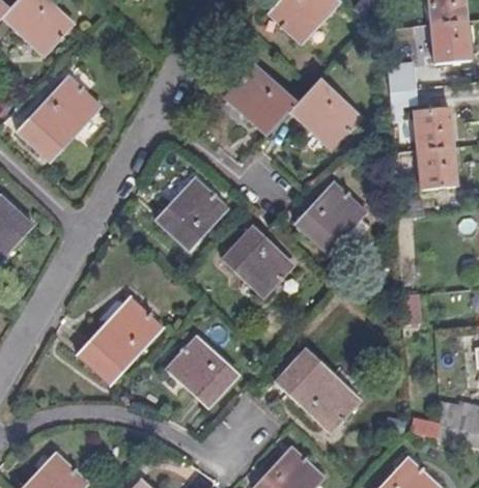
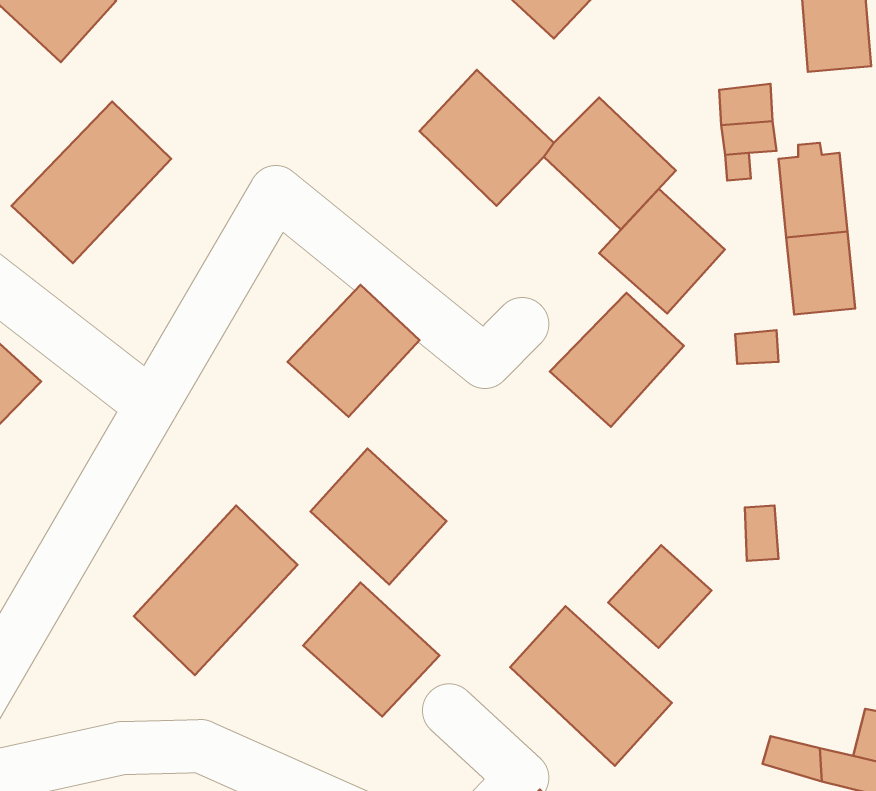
building: none -> [599,189,725,313]
building: [224,224,295,295] -> [310,448,446,584]
building: none -> [608,545,711,648]

